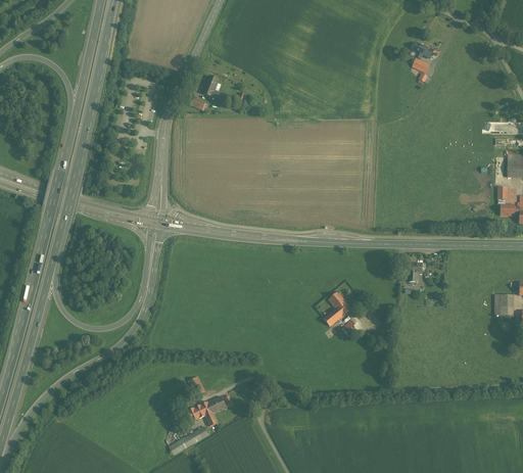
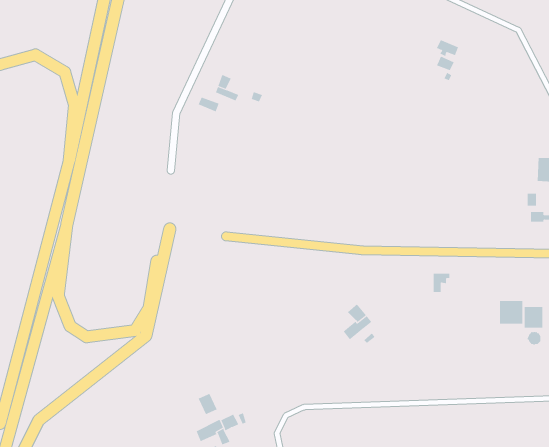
building: none -> [499,300,523,324]

